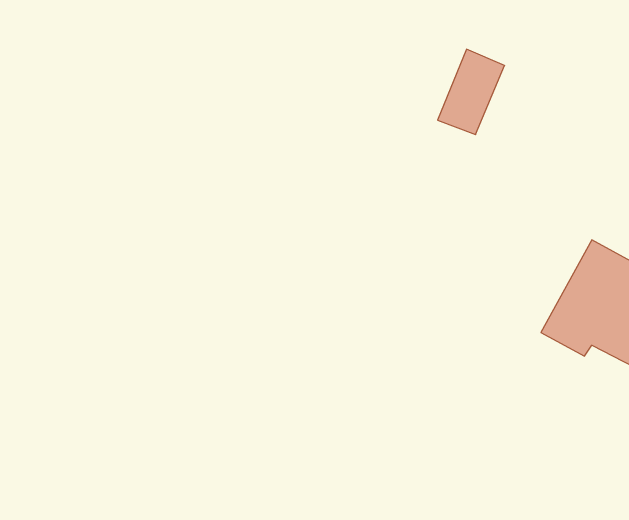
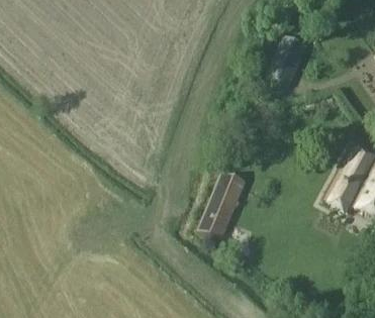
building: none -> [195,172,246,242]

